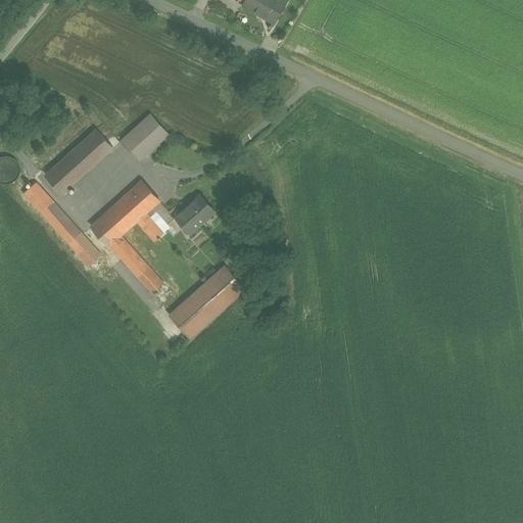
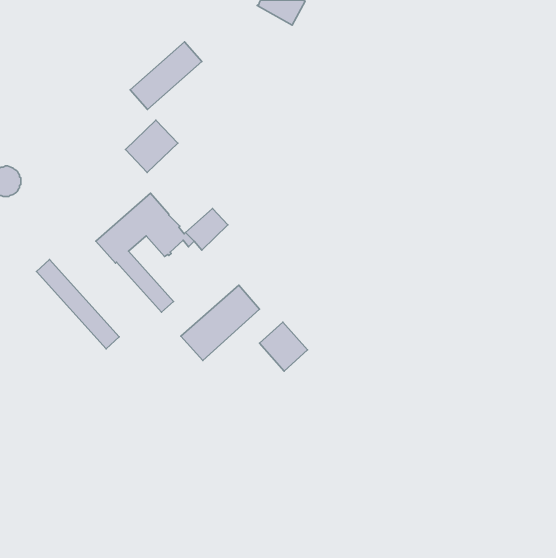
building: [45,130,112,193] -> [130,42,202,110]
building: [22,182,100,266] -> [36,259,119,349]
building: none -> [259,322,308,371]

